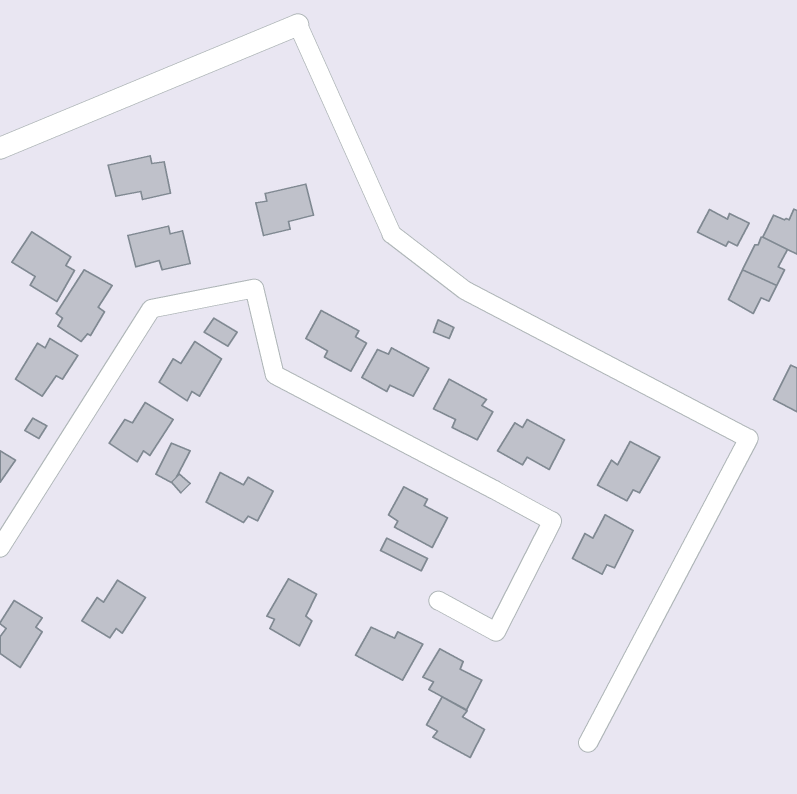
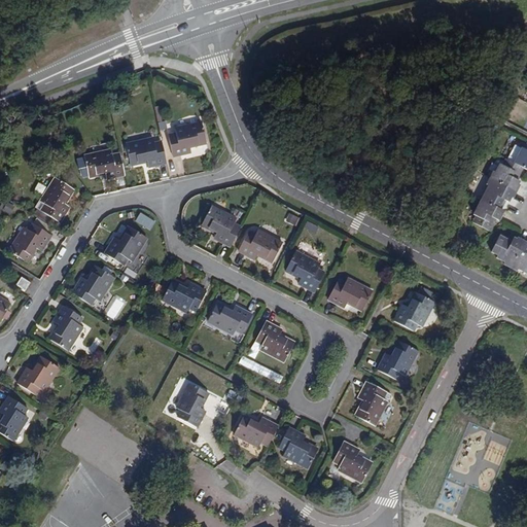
building: [108,156,170,199] -> [126,137,167,166]
building: [697,209,749,246] -> none
building: [12,232,74,302] -> none
building: none -> [471,198,503,229]
building: none -> [490,234,522,264]
building: none -> [208,302,252,333]
building: none -> [49,306,82,350]
building: [206,472,273,522] -> [163,279,207,312]
building: none -> [355,381,388,424]
building: [82,580,146,638] -> [17,356,60,394]
building: [427,697,484,758] -> [333,442,372,482]

